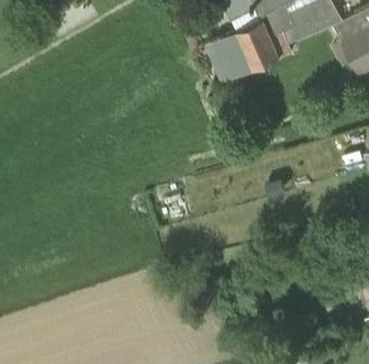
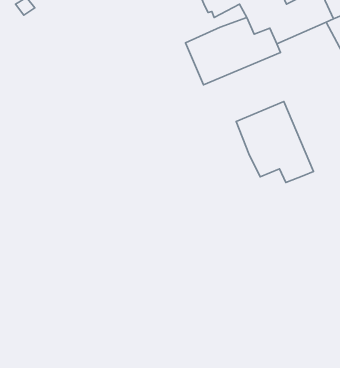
building: none -> [236,102,314,183]

